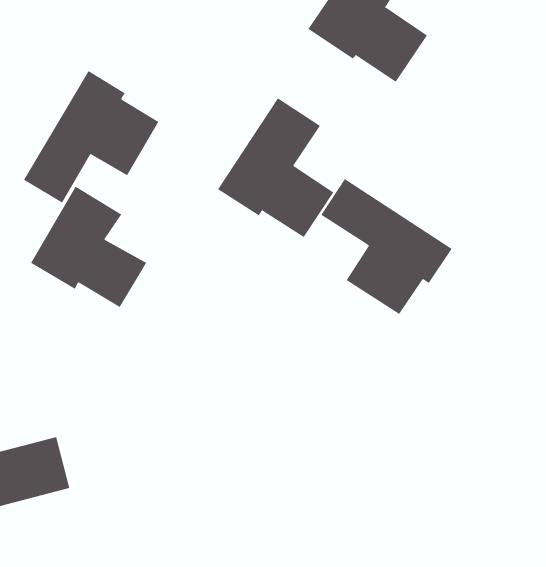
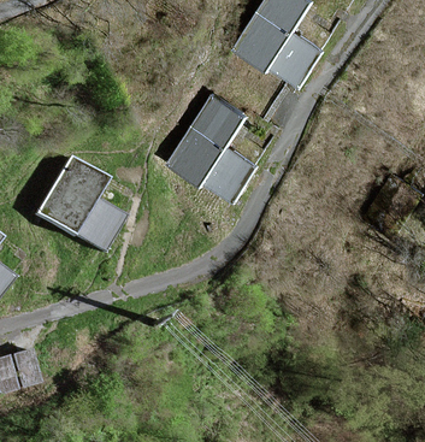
building: [23,70,159,203] -> none
building: [321,178,453,315] -> none

